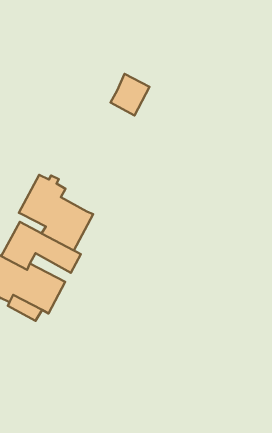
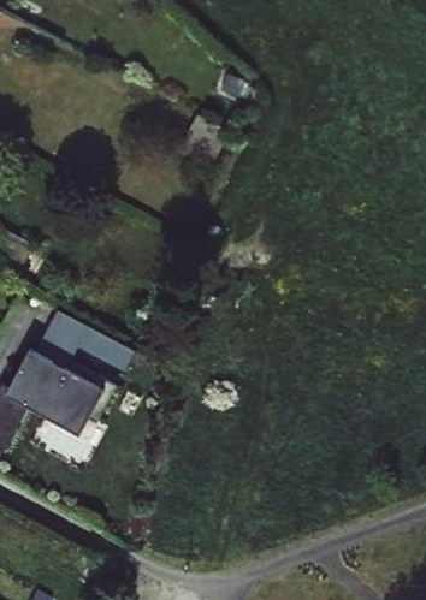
building: [19,175,93,250] -> none

